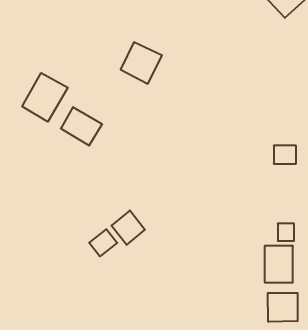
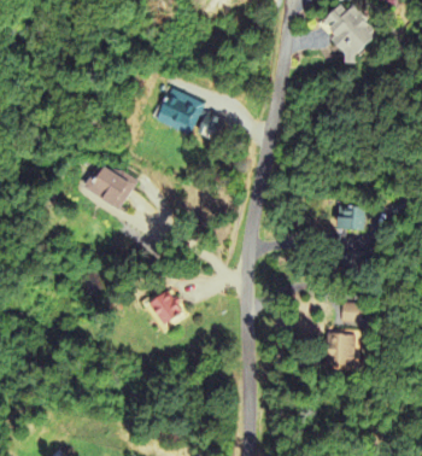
building: [22,73,68,122] -> none
building: [89,229,117,256] -> none
building: [268,293,298,322] -> none

